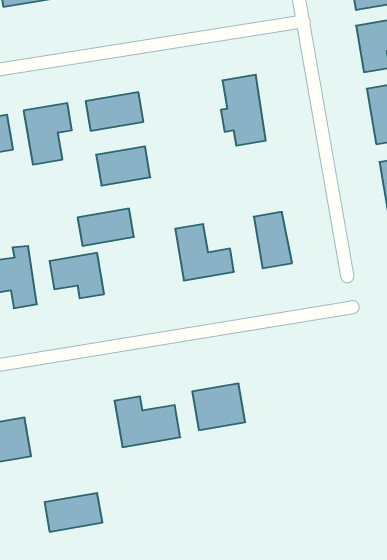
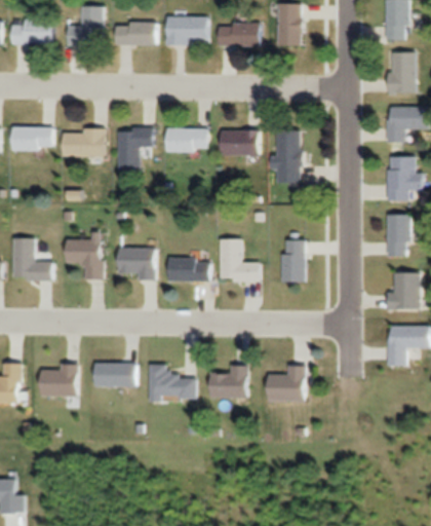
building: [96,146,150,186] -> [220,130,259,155]
building: [78,209,134,246] -> [167,259,208,281]
building: none -> [267,365,305,402]
building: [45,493,102,532] -> [93,363,135,386]

